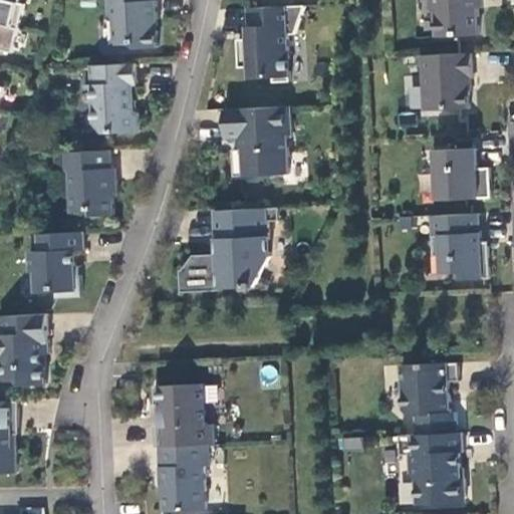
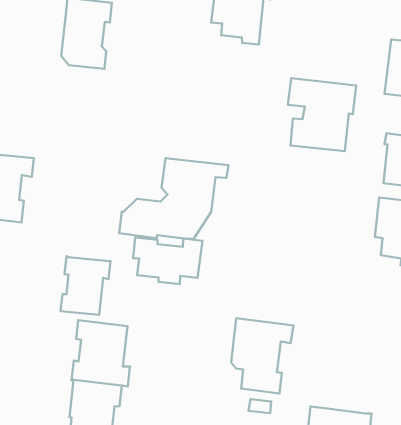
building: [222,107,289,178] -> [288,78,356,151]
building: [63,151,115,217] -> none
building: none -> [133,237,203,284]
building: none -> [61,256,110,315]
building: [399,363,457,435] -> [231,318,293,394]

